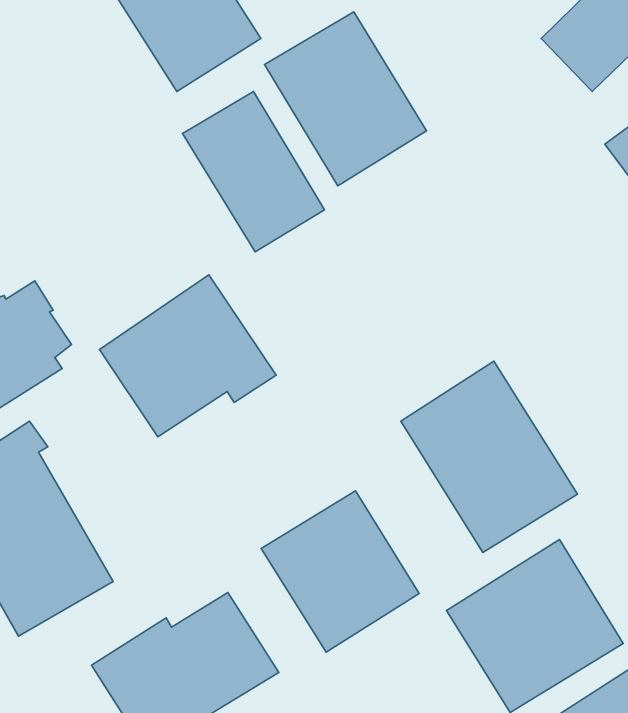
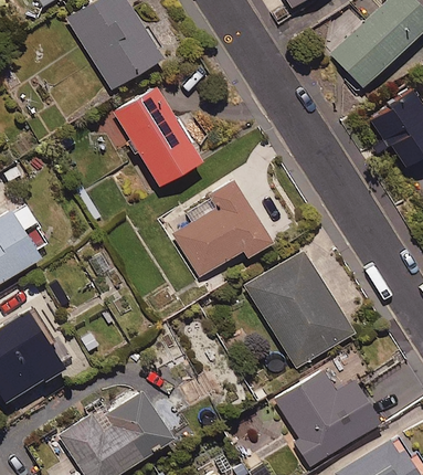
building: [265,12,426,186] -> none
building: [100,275,276,437] -> [165,180,272,278]
building: [261,491,419,652] -> none

